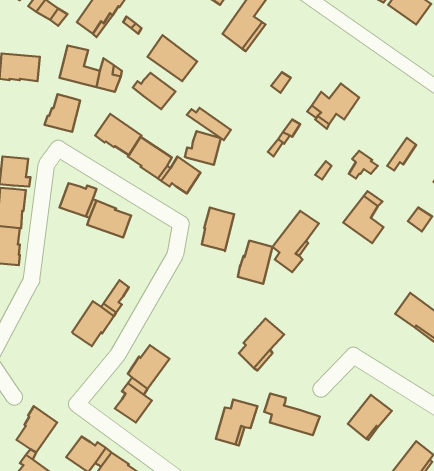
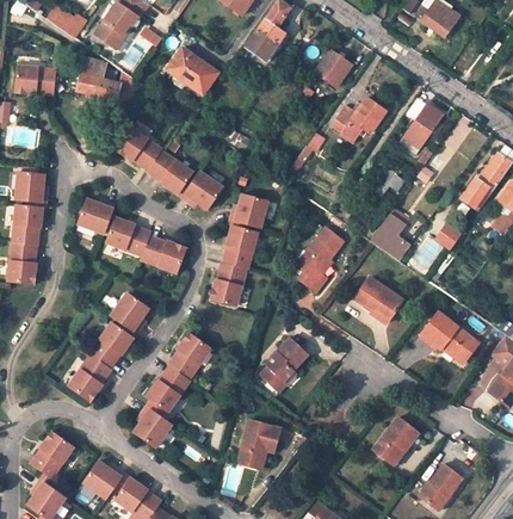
building: none -> [313,49,352,88]
building: [133,73,175,109] -> none
building: none -> [398,101,444,155]
building: [45,94,80,132] -> none
building: [185,131,221,165] -> [229,193,266,228]
building: none -> [141,236,186,273]
building: [238,241,272,284] -> [210,262,246,307]
building: none -> [354,277,402,323]
building: none -> [168,332,211,379]
building: none -> [68,354,111,401]
building: [264,394,320,435] -> none

